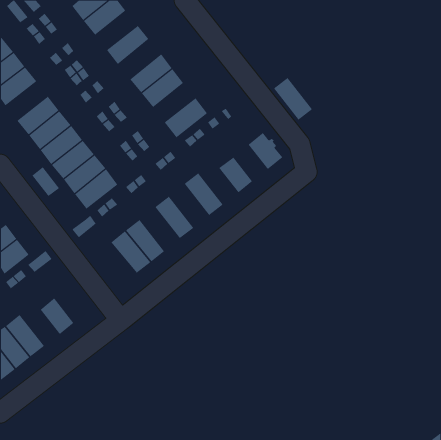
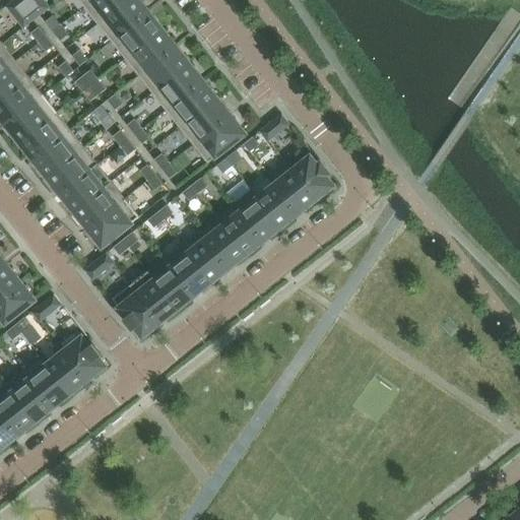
building: none -> [112,13,162,60]
building: none -> [138,47,190,94]
building: [273,77,313,120] -> [268,164,315,214]
building: none -> [6,96,57,143]
building: none -> [180,99,231,145]
building: [27,160,60,197] -> none
building: none -> [234,191,280,242]
building: none -> [199,217,246,269]
building: none -> [165,245,211,297]
building: none -> [119,286,160,337]
building: none -> [64,337,106,381]
building: none -> [23,366,70,408]

